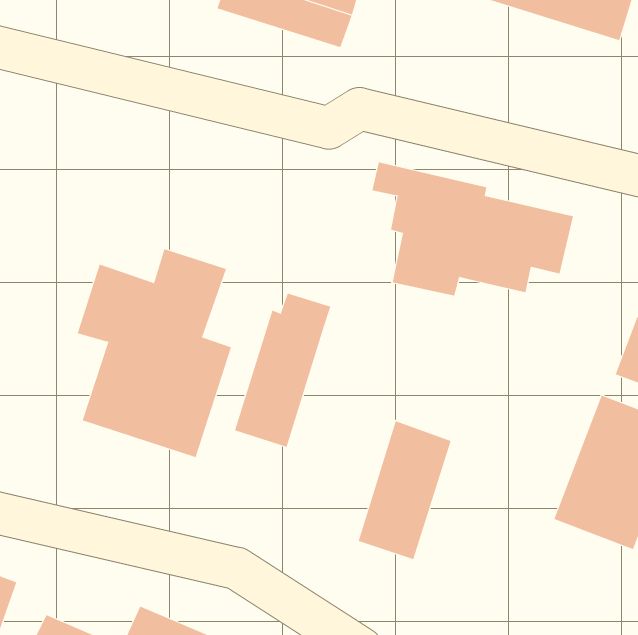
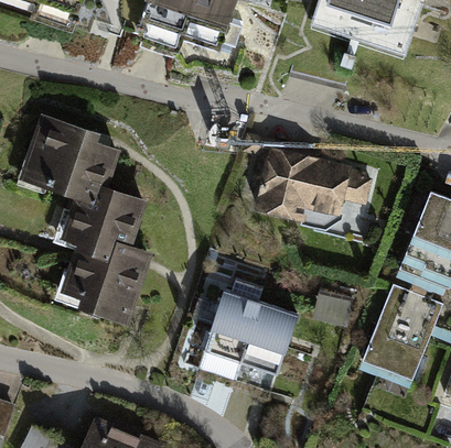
building: none -> [18,113,125,210]
building: [234,293,331,448] -> [201,277,264,378]

